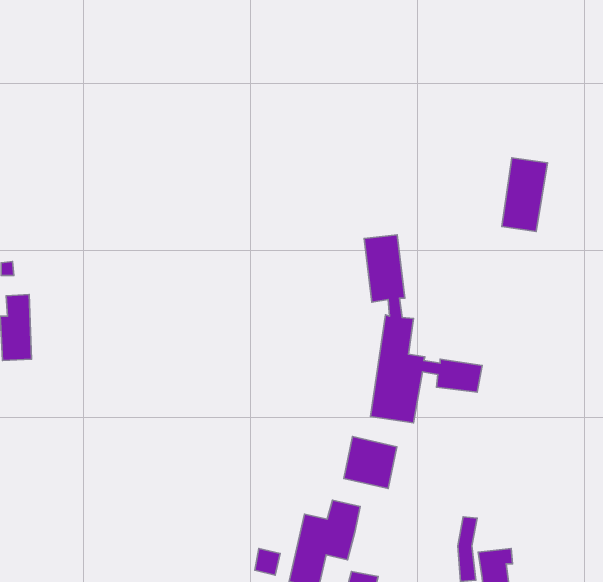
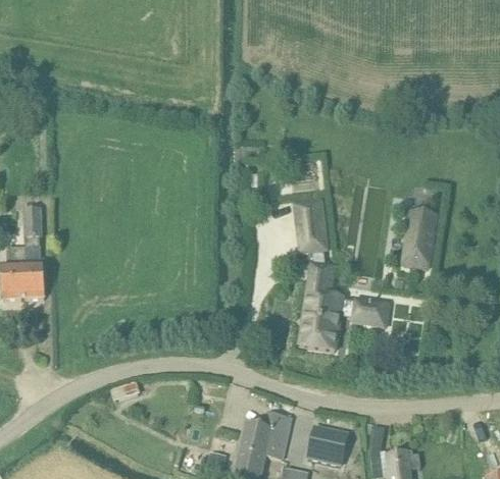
building: [502,158,547,232] -> [402,209,439,268]
building: none -> [24,207,45,298]
building: [344,437,397,489] -> [307,423,350,465]

